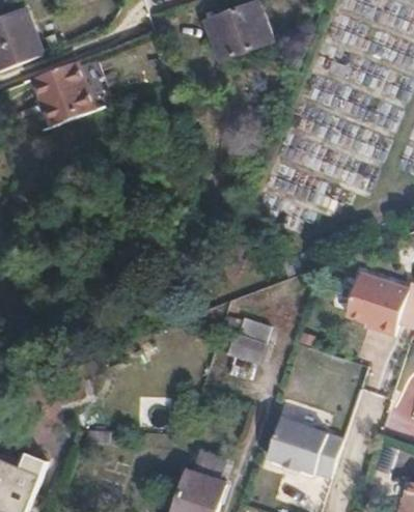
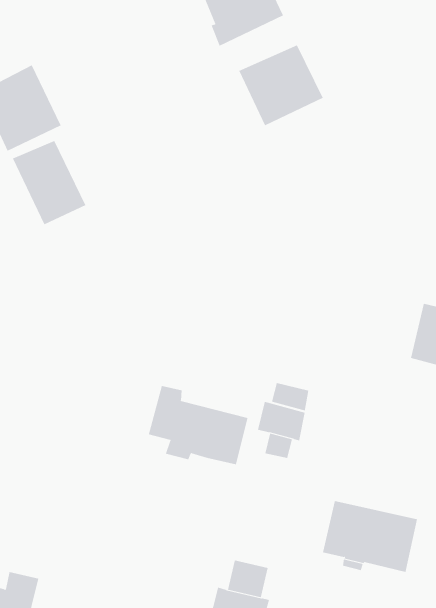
building: none -> [239,45,323,126]
building: none -> [12,140,86,225]
building: none -> [148,385,248,465]

